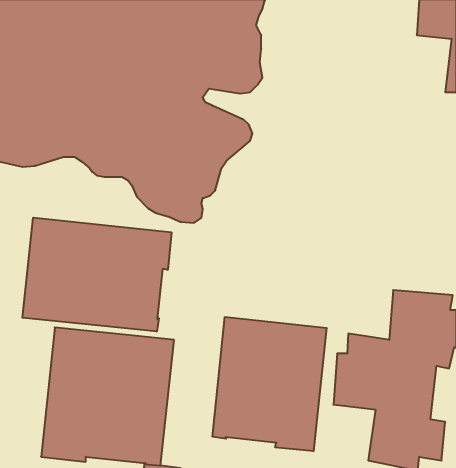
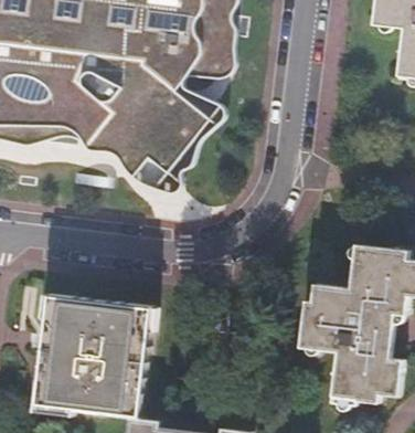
building: [22,218,171,332] -> none
building: [213,317,327,451] -> none

